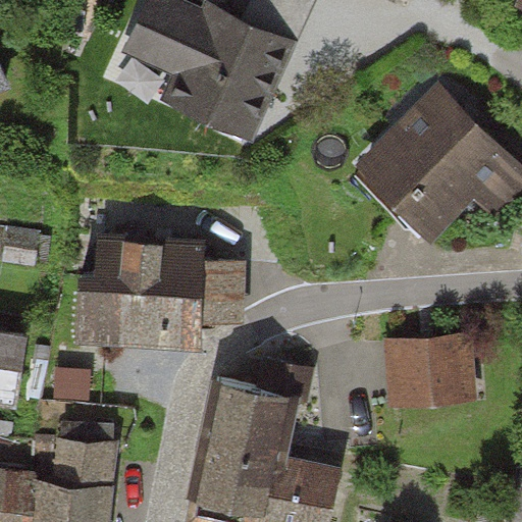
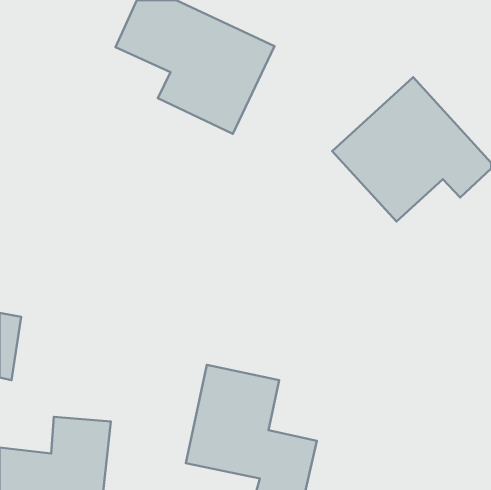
building: [81,240,238,342] -> none
building: [384,336,474,402] -> none

